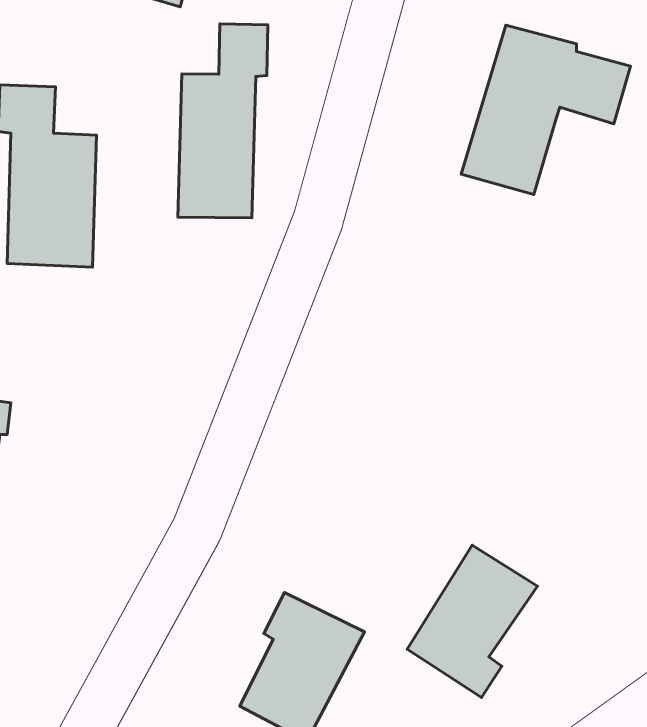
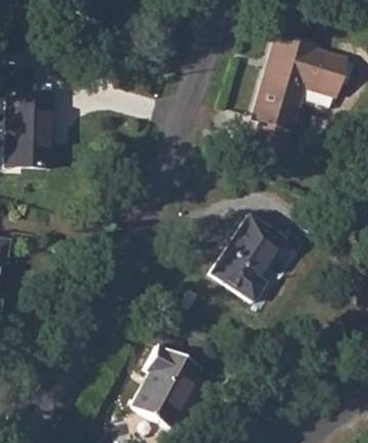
building: [178,24,268,218] -> none
building: [407,545,537,698] -> [212,216,283,299]

